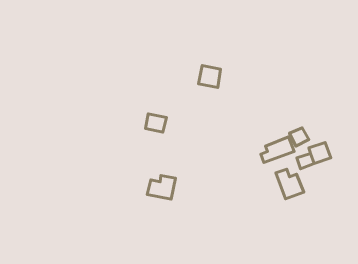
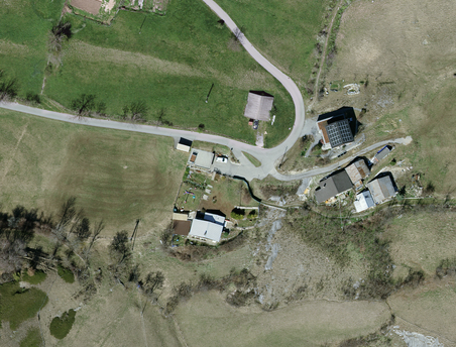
building: none -> [317,115,351,151]
building: [276,169,304,199] -> none

